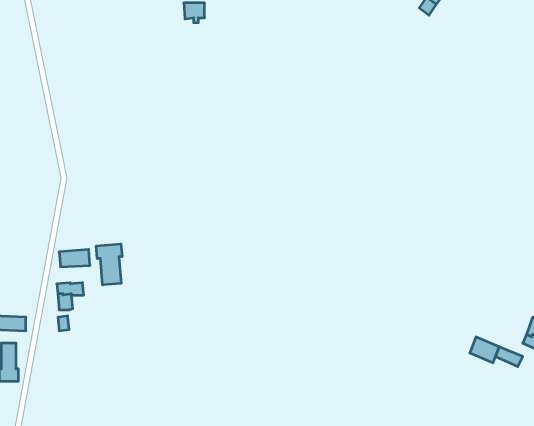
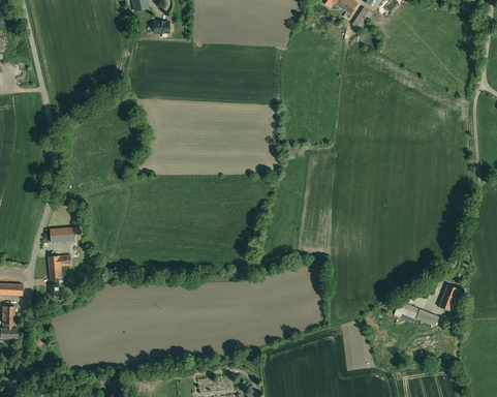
building: [96,244,122,285] -> none

